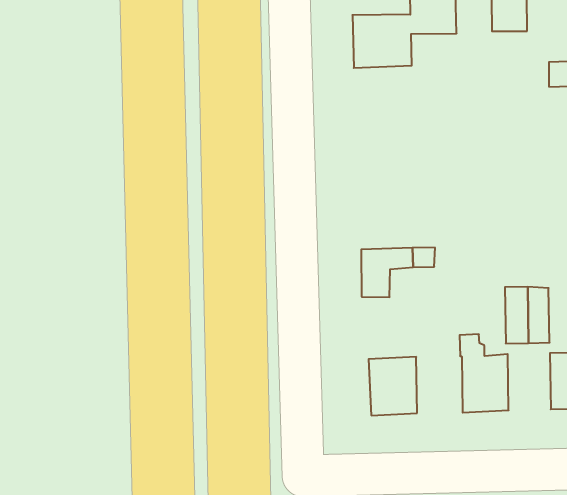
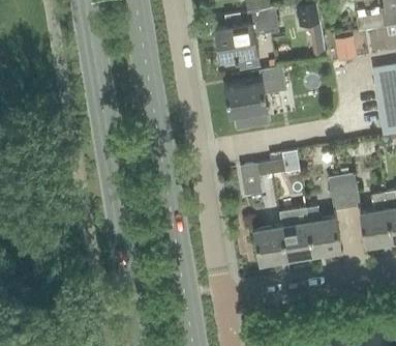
building: none -> [225,66,286,128]
building: none -> [280,209,314,259]

